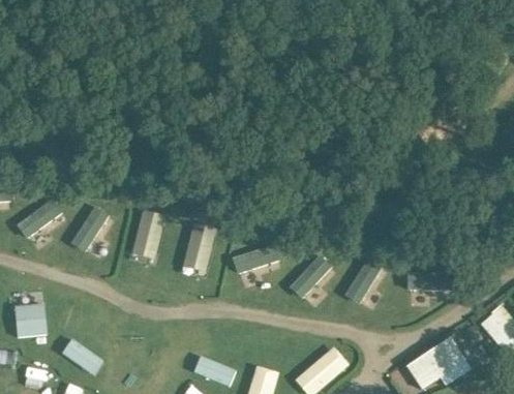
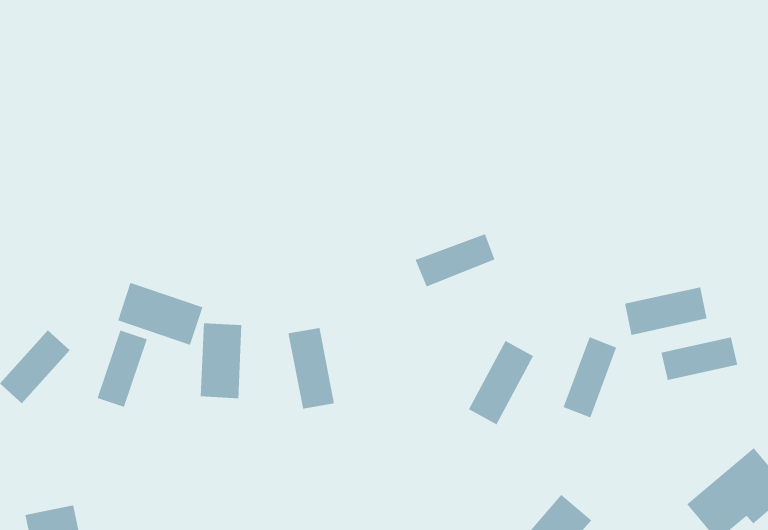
building: none -> [117,282,203,346]
building: none -> [624,286,707,336]
building: [232,246,279,272] -> [414,233,495,287]

